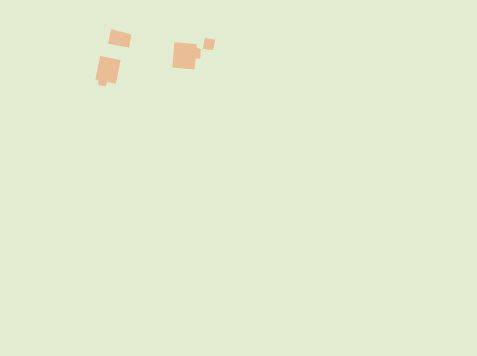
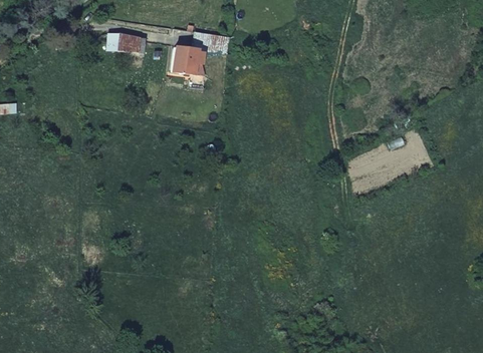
building: [95,55,121,87] -> none

